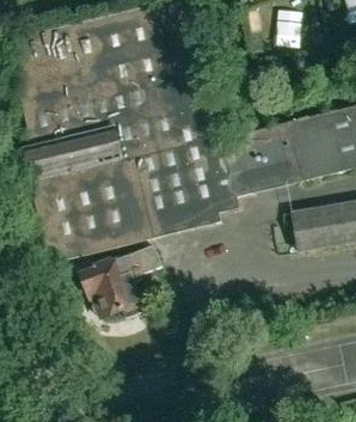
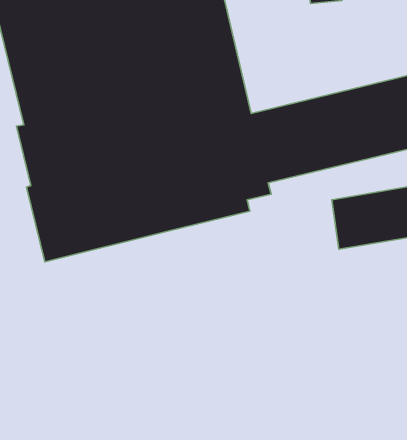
building: [80,245,161,316] -> none

